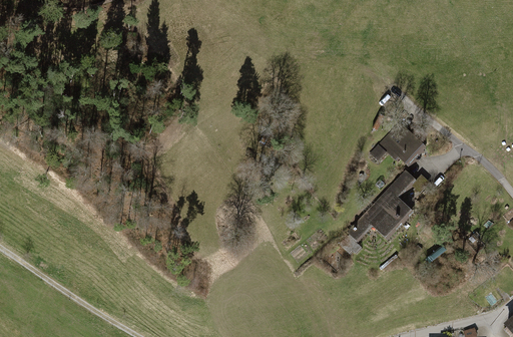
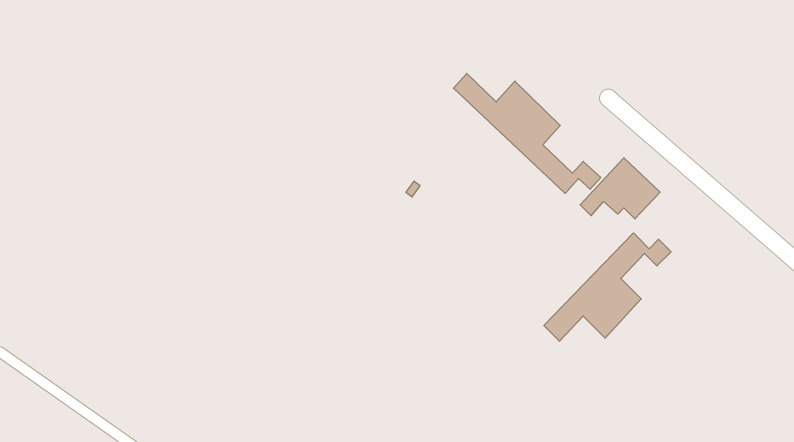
building: none -> [453,73,601,193]

